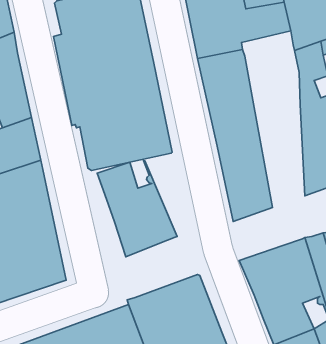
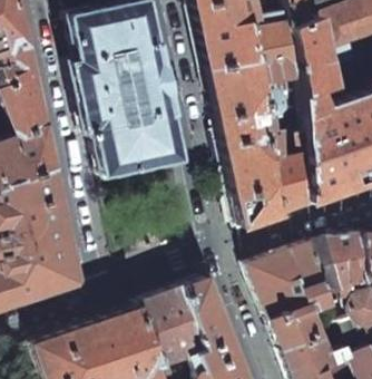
building: none -> [252,42,313,213]
building: [97,161,177,257] -> none

